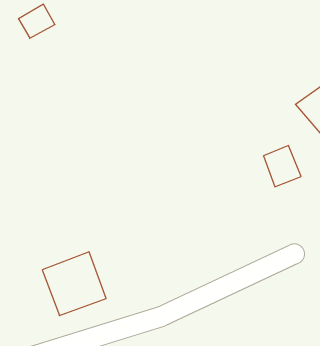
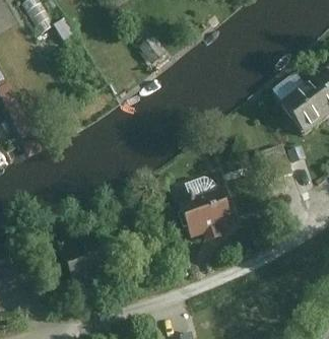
building: none -> [178,185,236,243]

